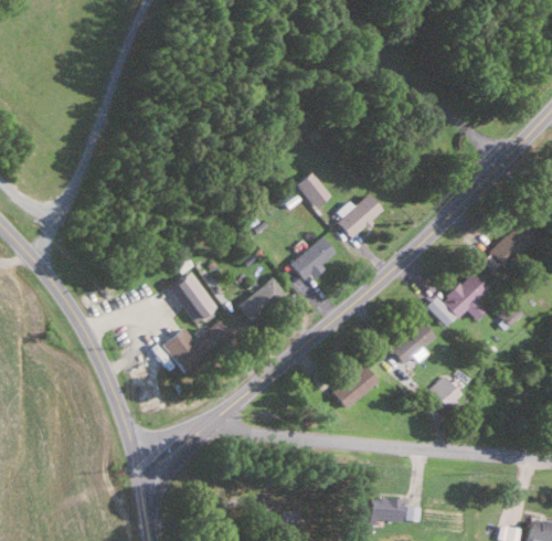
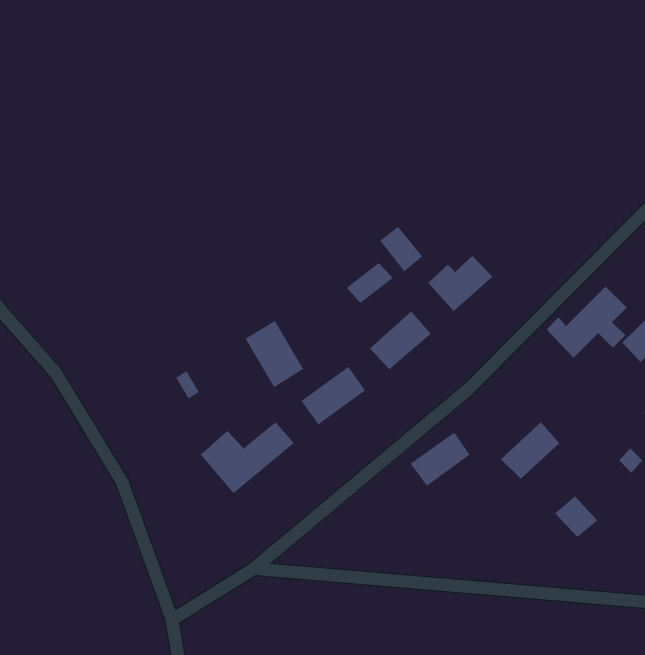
building: none -> [346,262,393,304]
building: [171,272,216,323] -> [245,320,304,388]
building: [426,273,488,328] -> [546,286,627,359]
building: [332,367,379,409] -> [409,431,471,487]

